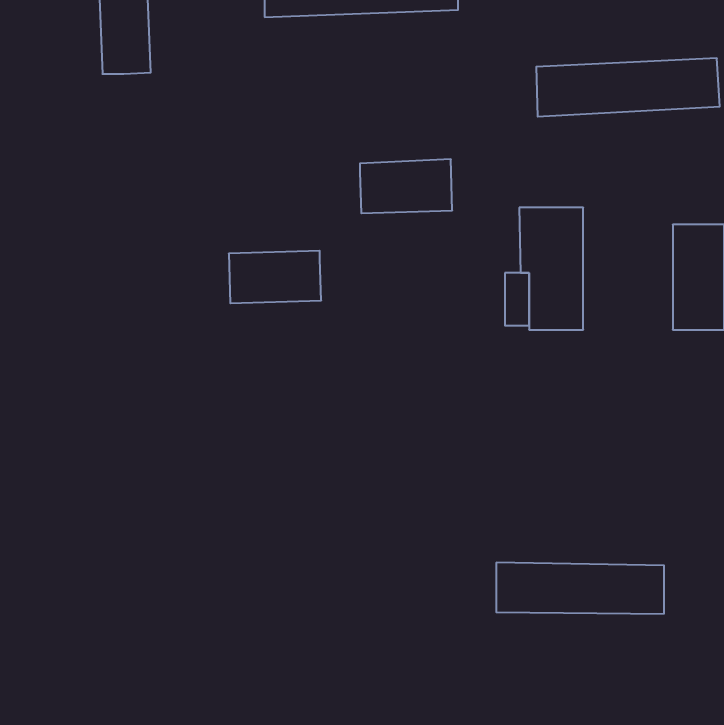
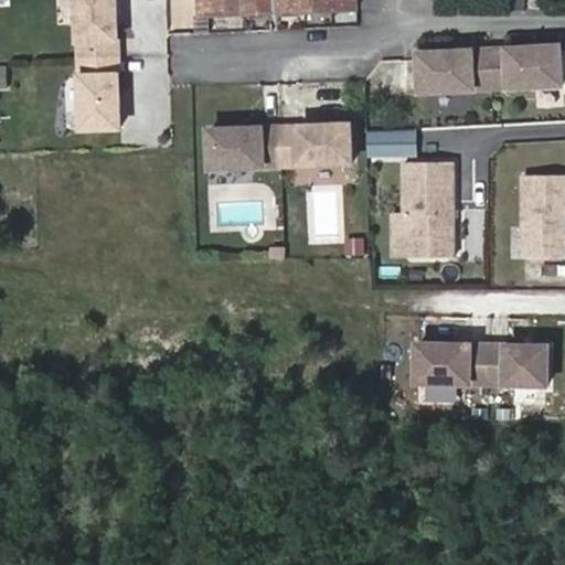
building: none -> [79,56,119,127]
building: none -> [363,128,413,158]
building: [229,251,321,303] -> [209,127,280,168]
building: [496,563,664,614] -> [416,345,546,385]

